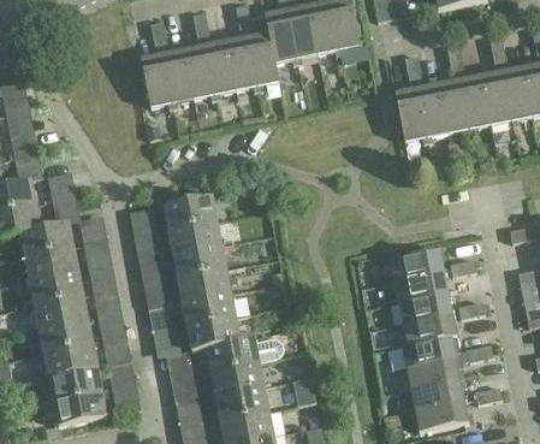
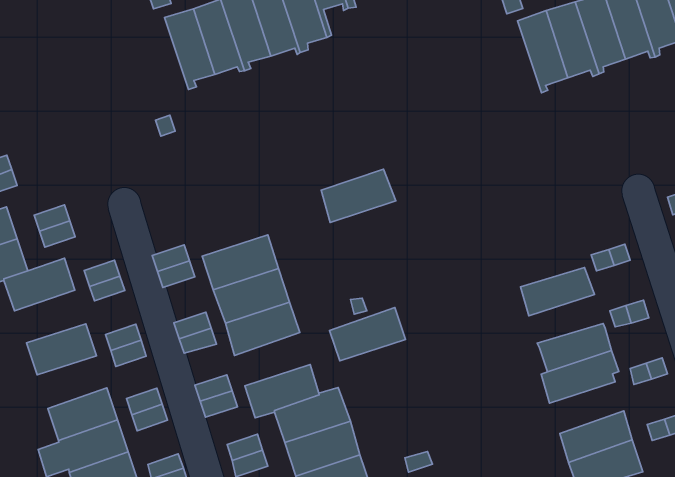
building: [141,52,172,107] -> none
building: [396,85,427,140] -> none
building: [164,194,216,227] -> [321,169,396,222]
building: [26,241,77,274] -> none
building: [391,248,443,278] -> none
building: [37,290,87,324] -> none
building: [398,290,451,320] -> none
building: [182,291,236,325] -> [330,307,405,361]
building: [405,355,458,387] -> none

